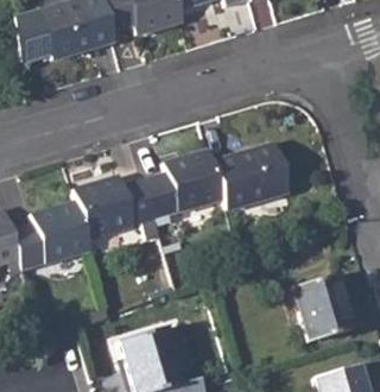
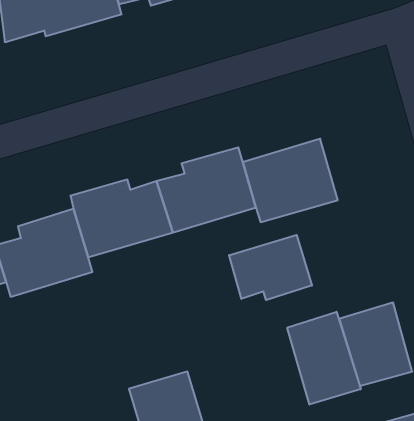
building: none -> [229,235,312,300]
building: none -> [287,312,361,405]

